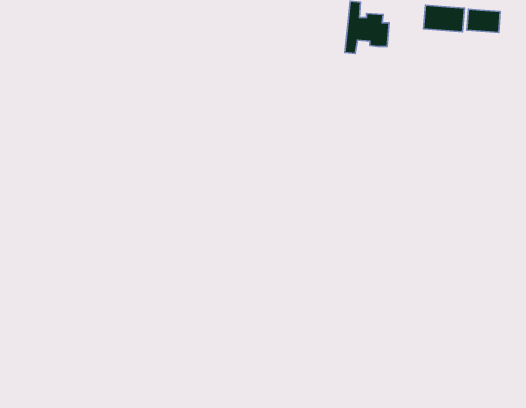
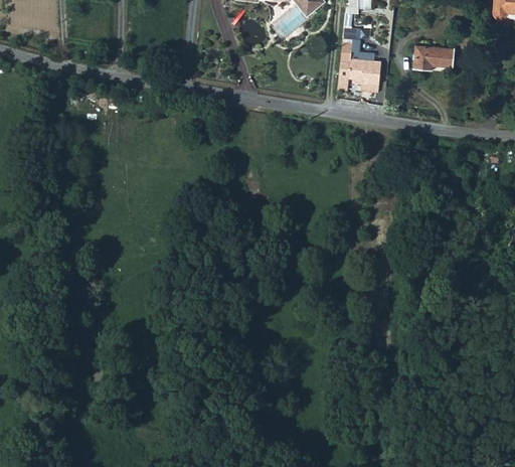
building: [467,9,500,33] -> none

